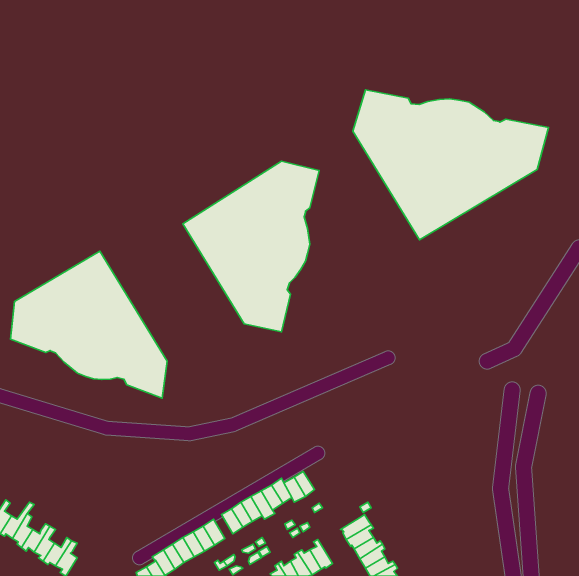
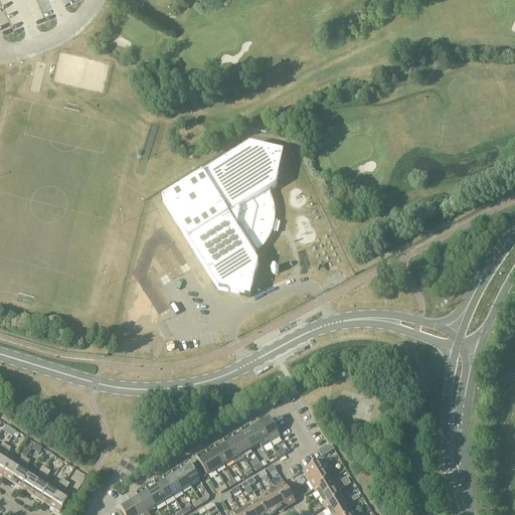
building: [353,90,549,240] -> none
building: [11,251,167,398] -> none

